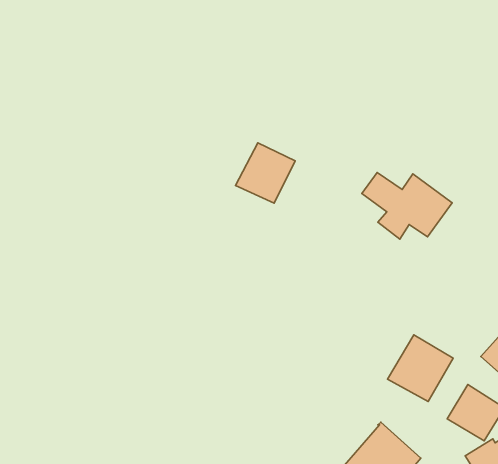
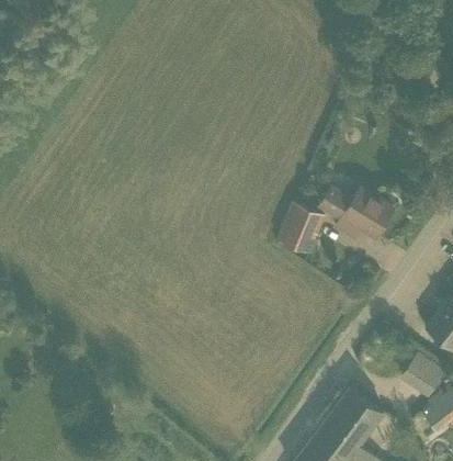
building: [236,143,295,203] -> [280,206,326,254]
building: [387,335,453,402] -> none

